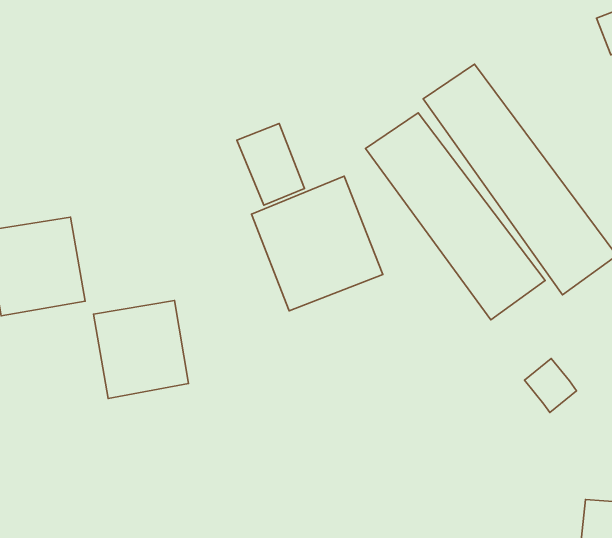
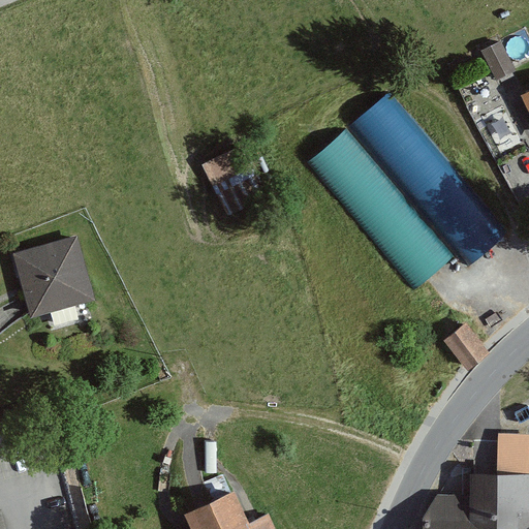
building: [252,176,383,311] -> none
building: [94,301,188,398] -> none

